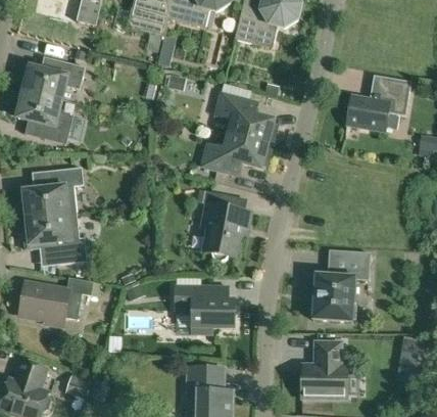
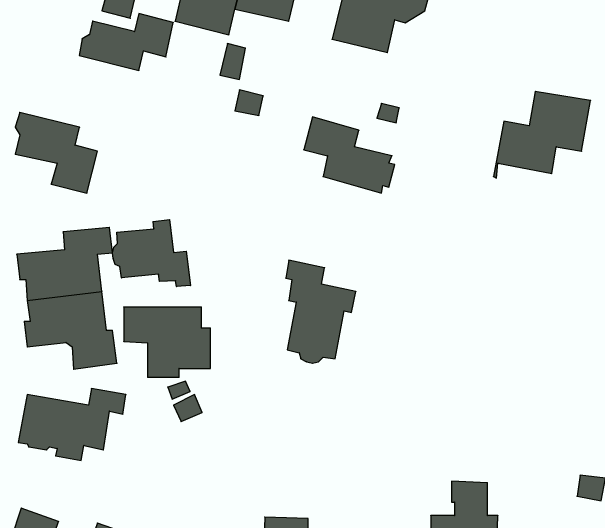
building: [20,60,85,99] -> [79,14,173,70]
building: [201,133,271,174] -> none
building: none -> [112,220,190,287]
building: [311,250,371,323] -> none
building: [175,285,234,333] -> [124,307,210,377]

